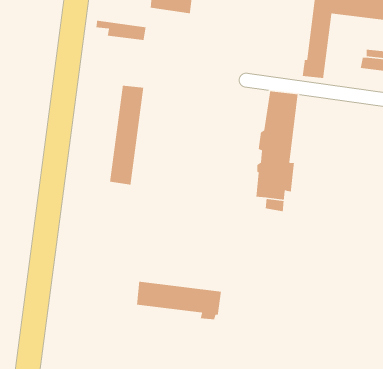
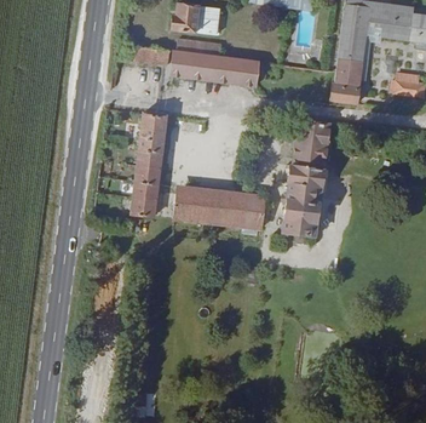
building: none -> [173,42,269,91]
building: [136,281,222,320] -> [175,190,265,231]

